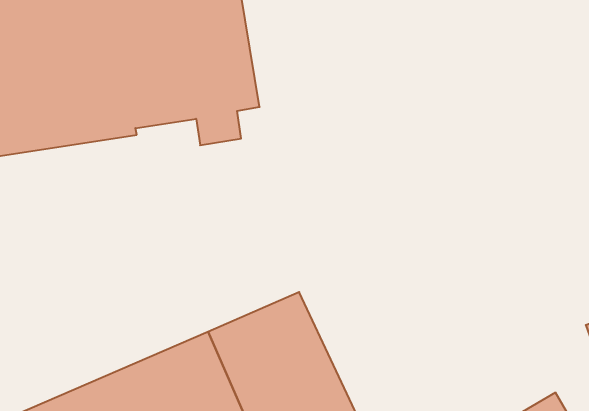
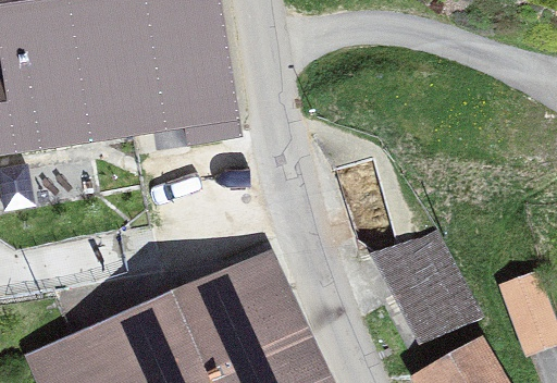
building: none -> [372,236,481,344]

